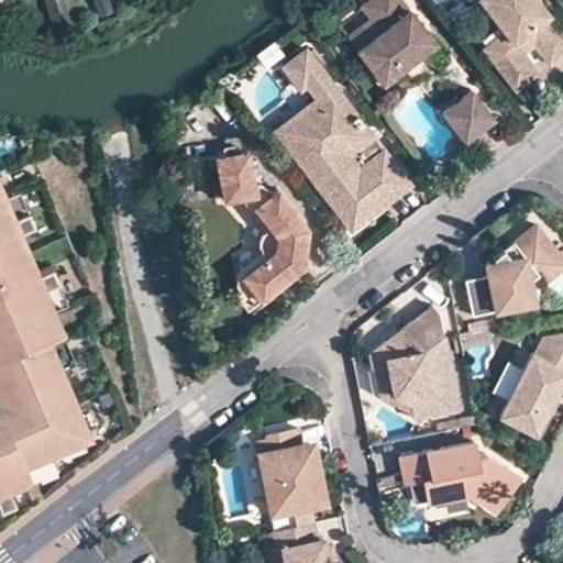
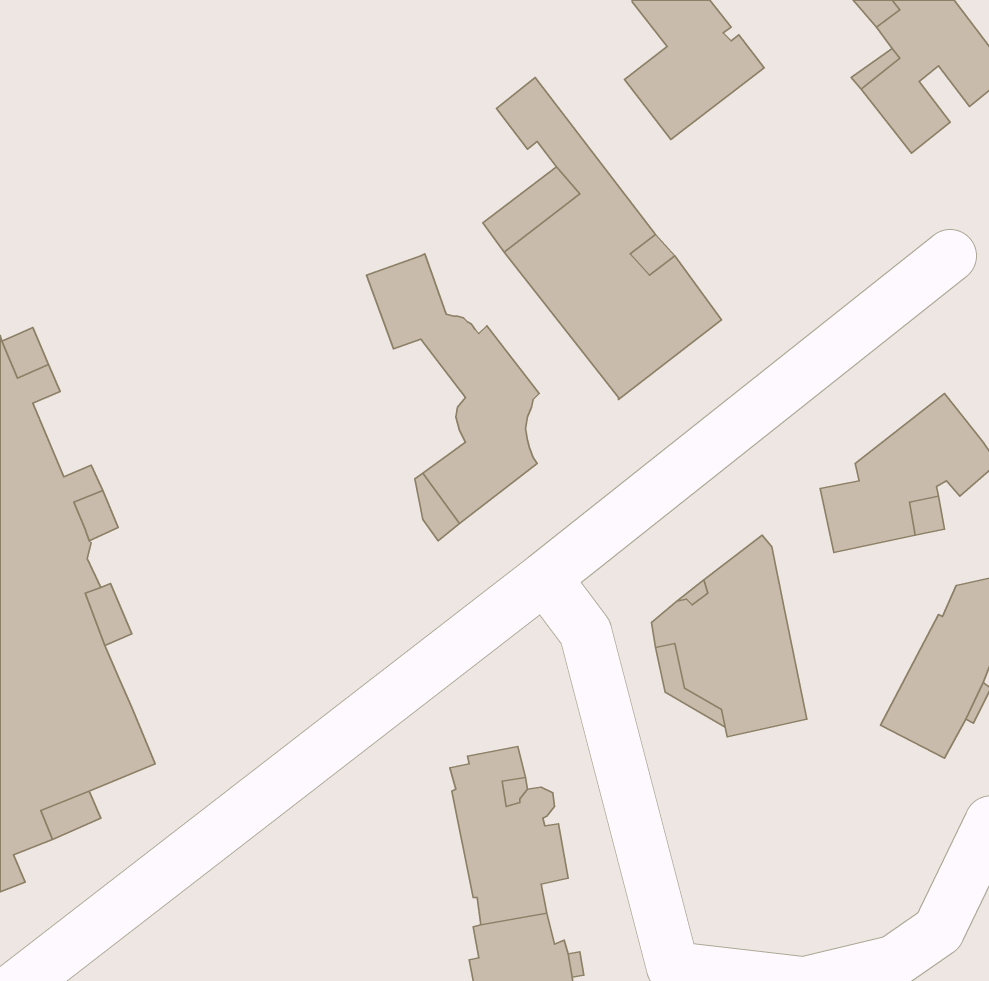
building: [442,91,495,144] -> none
building: [401,443,514,515] -> none

